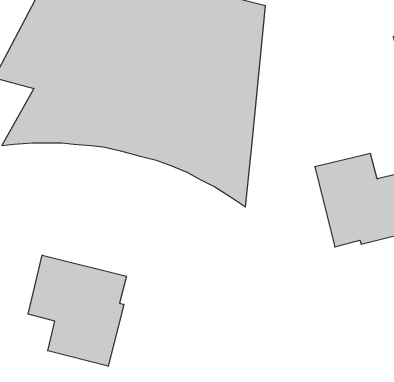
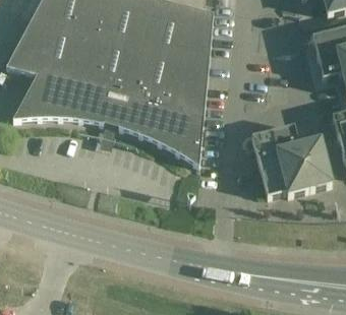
building: [28,255,127,366] -> none

